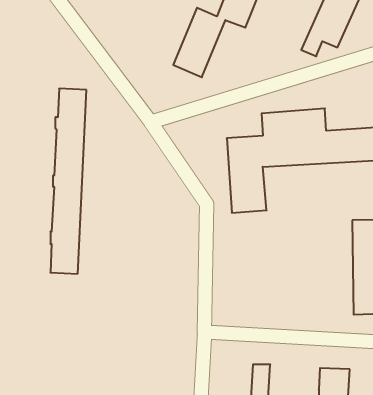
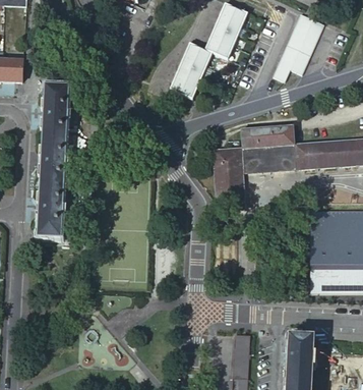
building: [50,89,86,274] -> [39,86,68,237]

